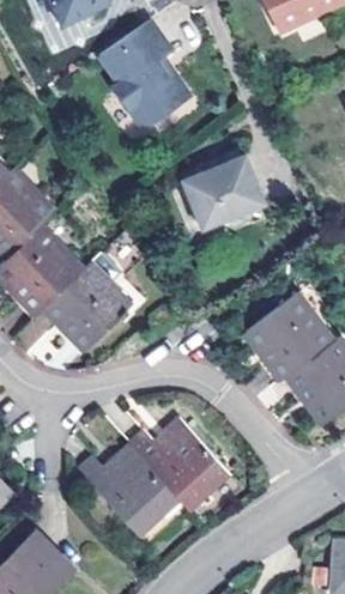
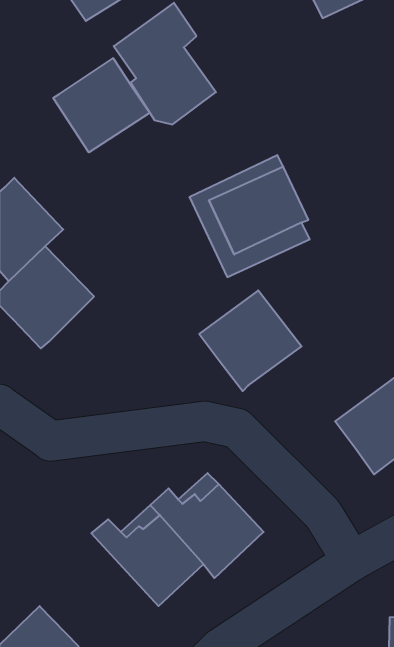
building: none -> [53,58,150,152]
building: [43,262,129,348] -> none
building: [246,293,333,380] -> [199,290,302,391]

